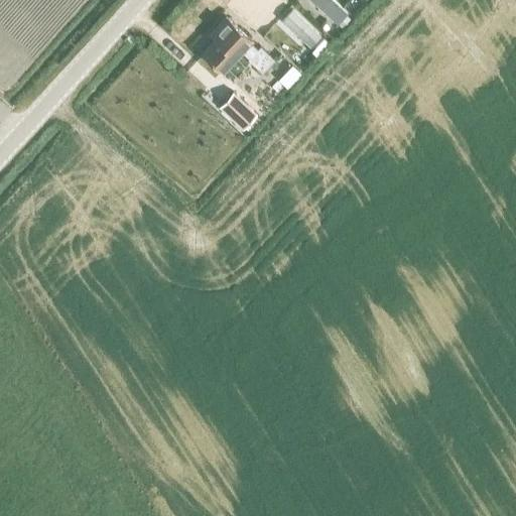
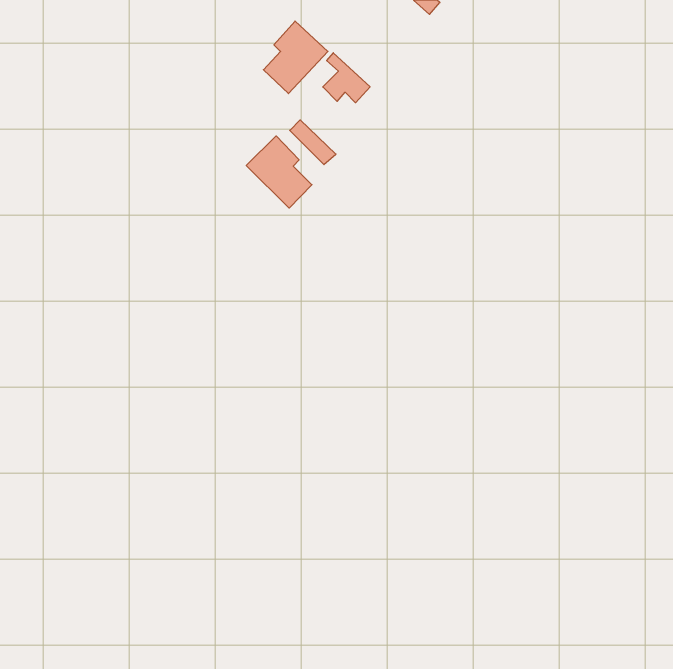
building: [282,11,317,48] -> none
building: none -> [246,136,312,208]

